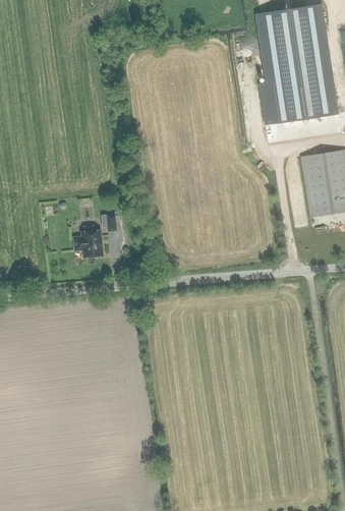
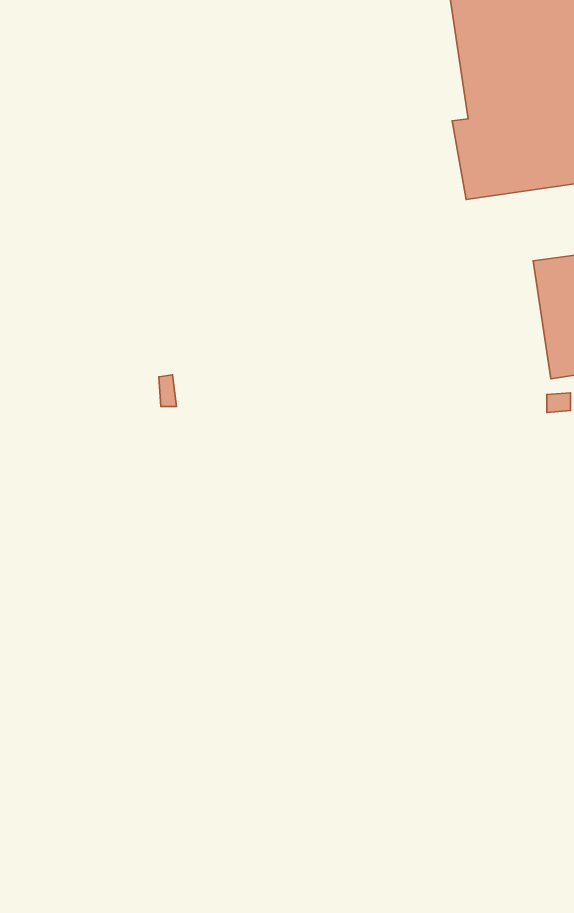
building: [73,226,102,258] -> none

